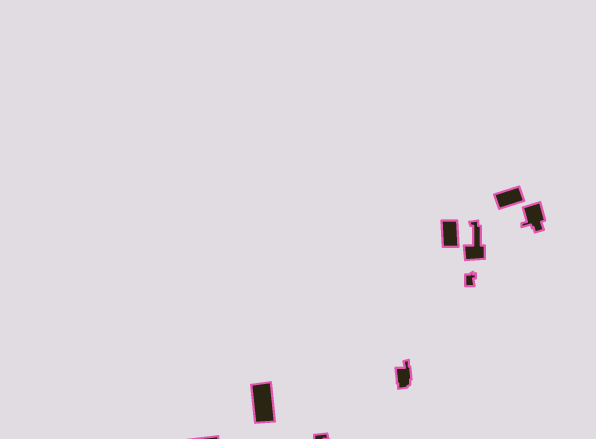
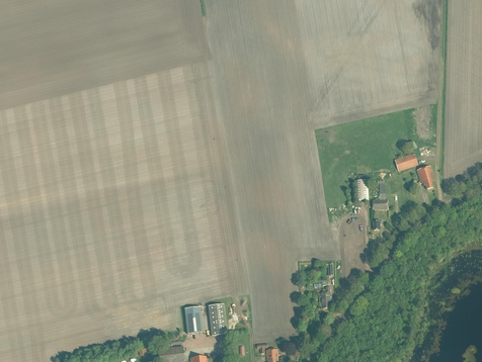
building: none -> [184,306,202,333]

